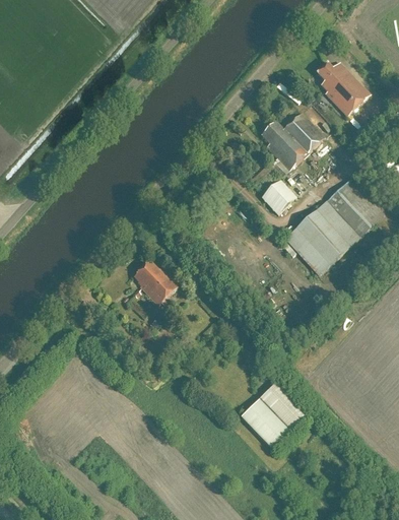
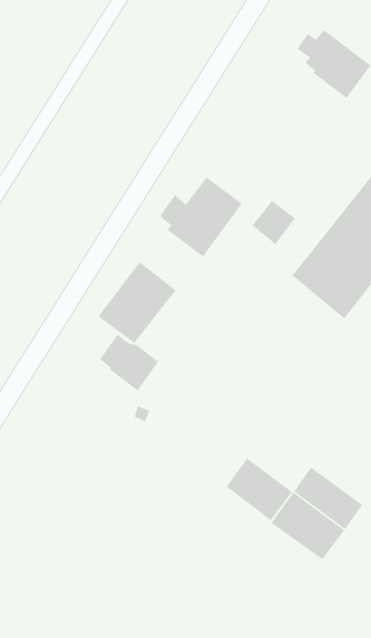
building: [261,111,324,170] -> [159,176,243,257]
building: none -> [98,261,177,344]
building: none -> [226,458,293,521]

